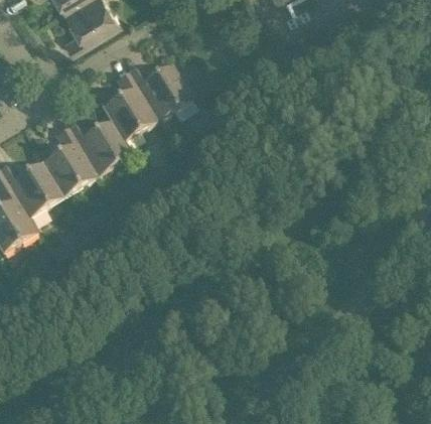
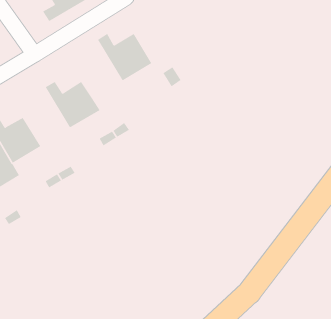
building: [100,74,155,142] -> none
building: [39,129,94,198] -> none

